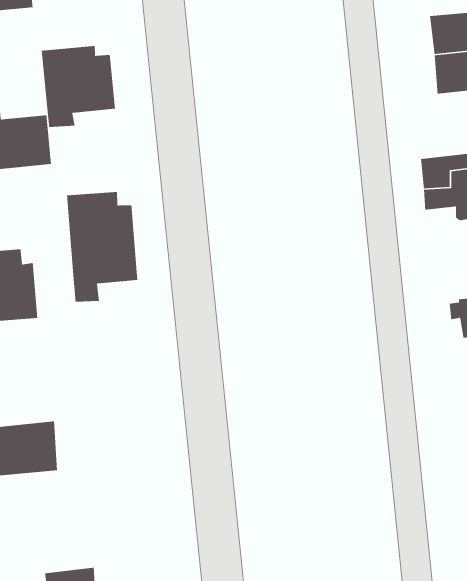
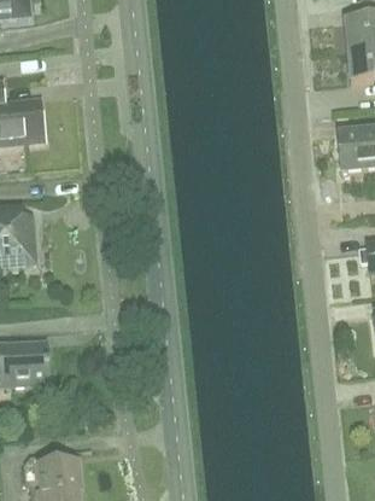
building: [41,45,116,128] -> none
building: [66,191,138,302] -> none

